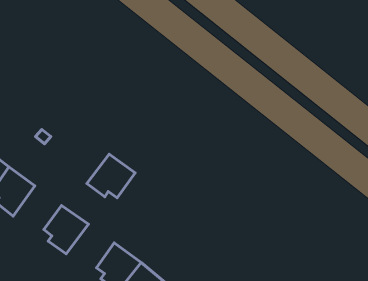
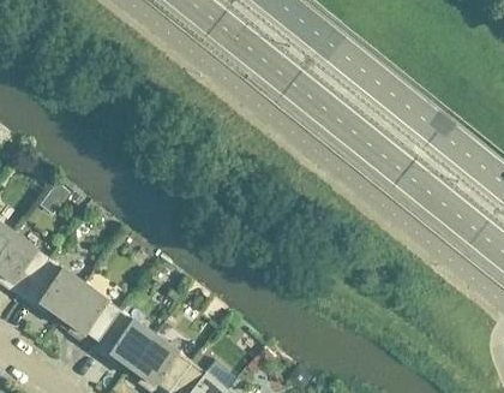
building: [87,154,135,198] -> [90,308,155,367]
building: none -> [19,256,84,315]

